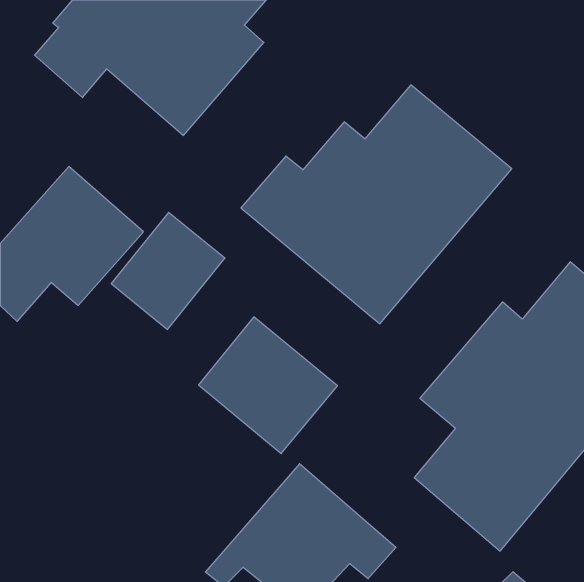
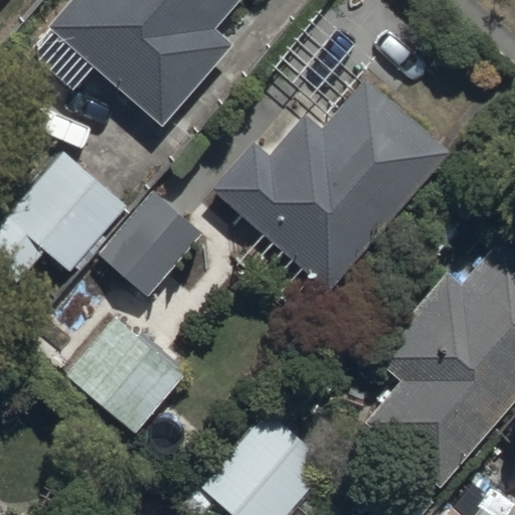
building: [199,317,337,454] -> [63,315,185,435]

